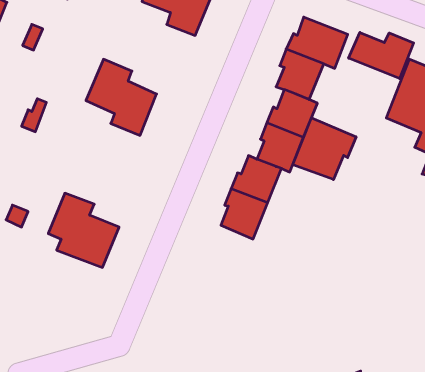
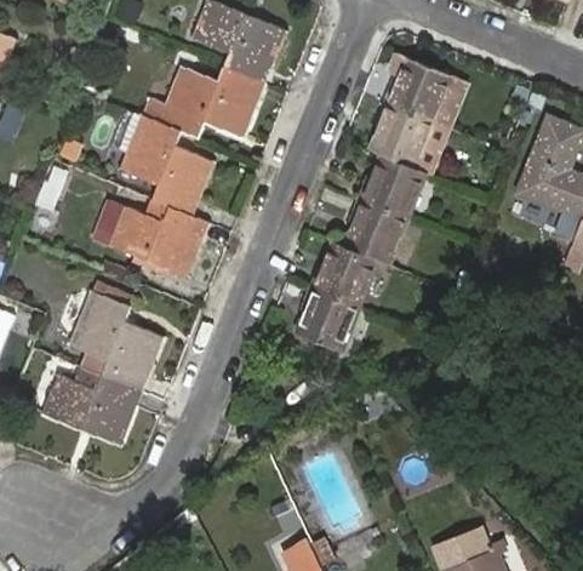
building: none -> [143,67,264,136]
building: [349,32,414,79] -> none
building: [293,118,356,180] -> none
building: none -> [91,198,208,276]
building: none -> [44,366,142,444]

